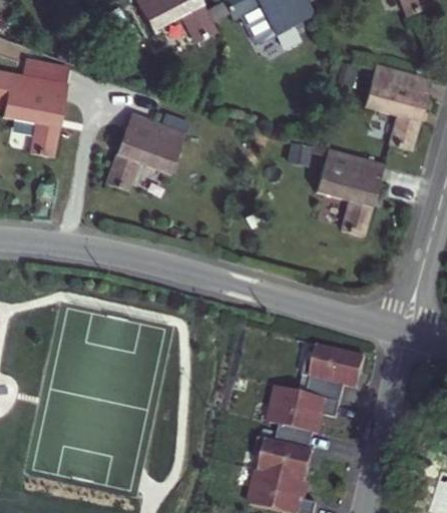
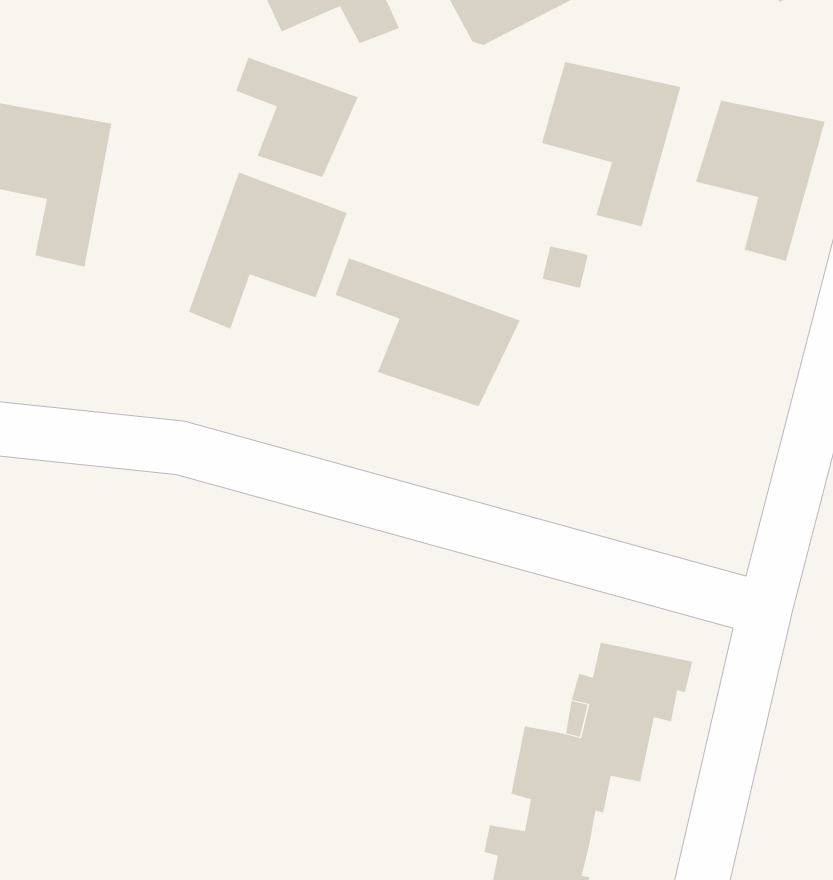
building: none -> [235,57,359,178]
building: none -> [335,258,520,407]
building: [314,149,386,234] -> [541,62,681,227]

